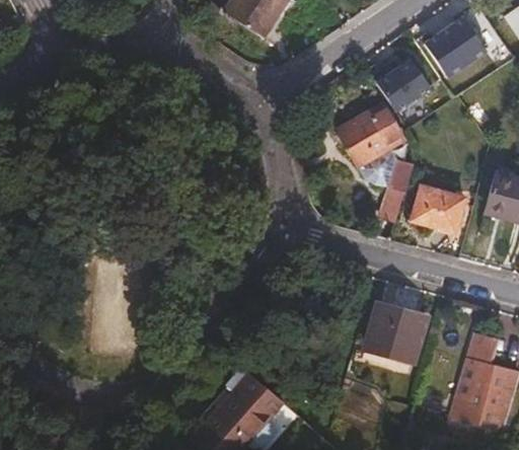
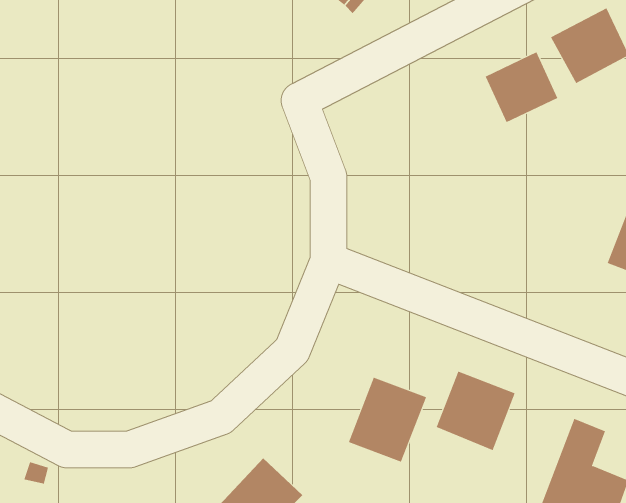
building: [336,102,413,223] -> none
building: [413,183,468,232] -> none
building: none -> [348,377,427,462]

